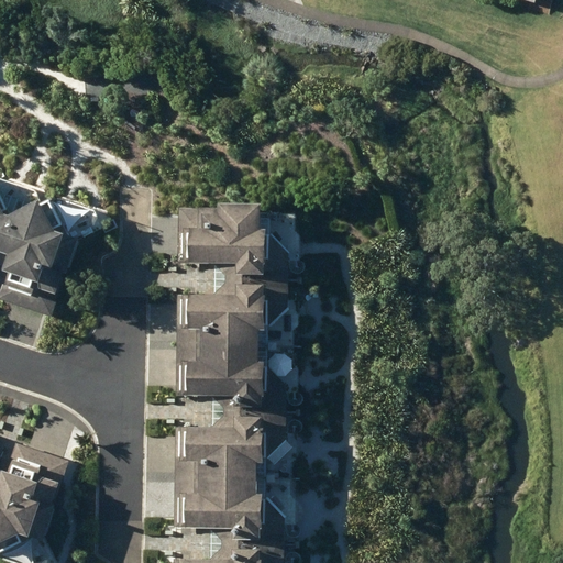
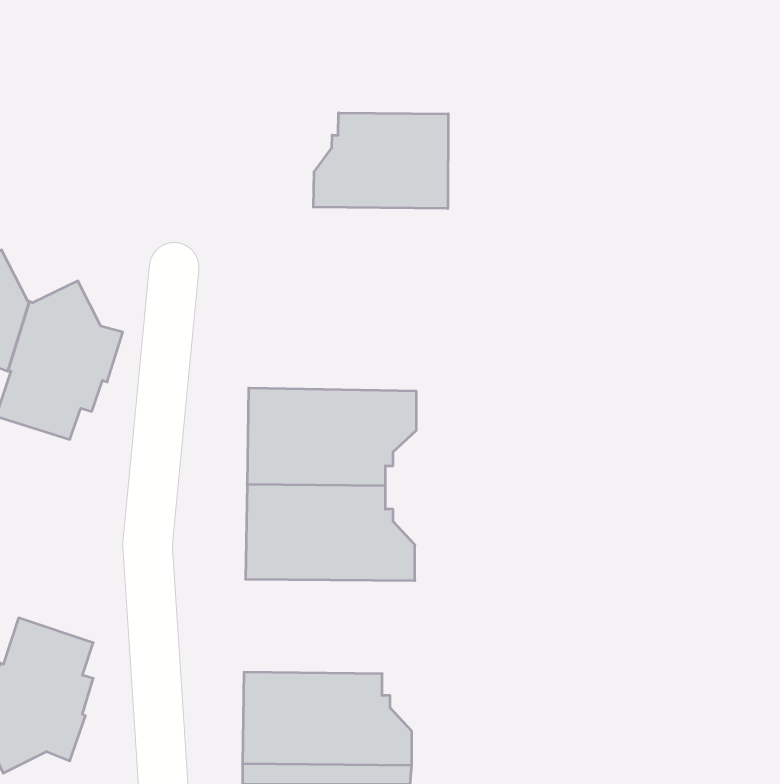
building: none -> [313,113,448,209]
building: [176,203,295,277] -> none
building: [173,410,294,477] -> none

